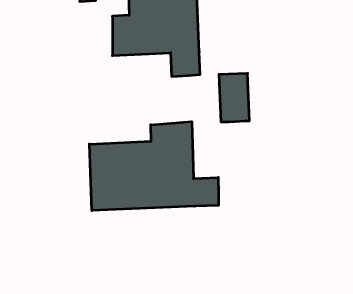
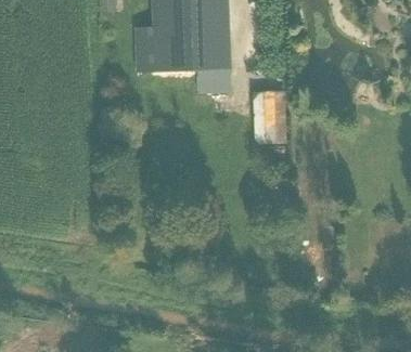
building: [89,122,219,211] -> none

